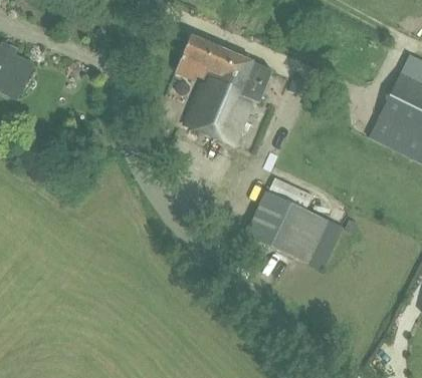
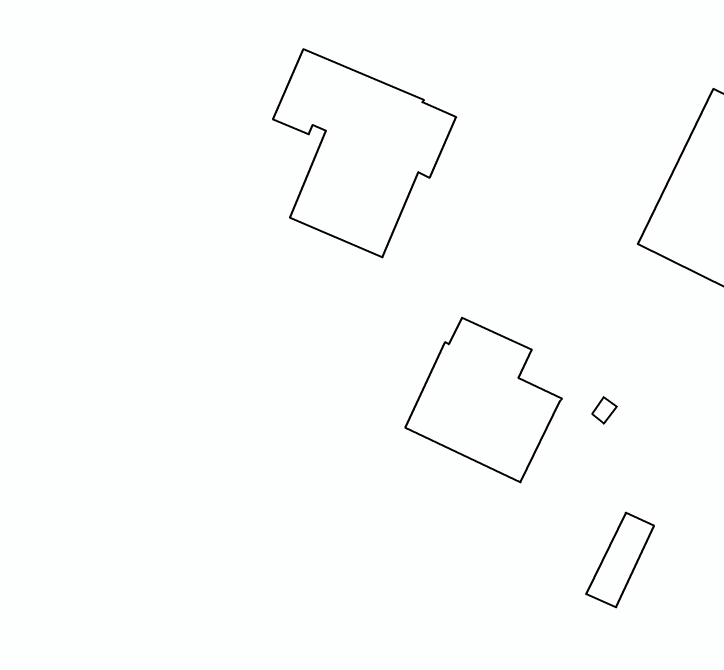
building: [306,221,343,271] -> [586,513,654,607]

